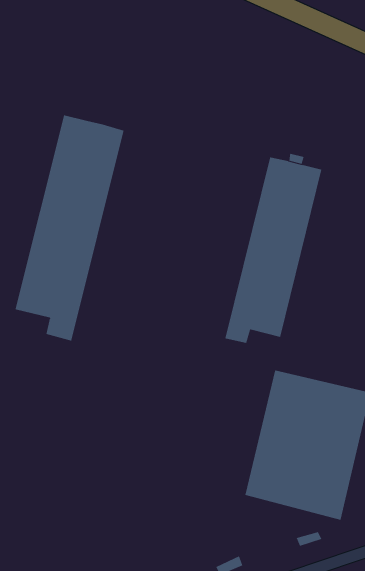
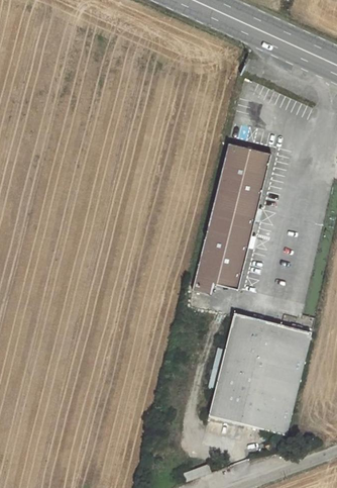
building: [15,115,124,342] -> none

